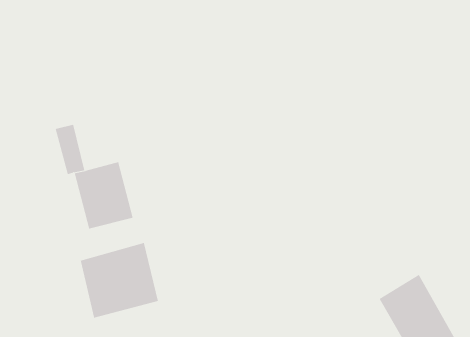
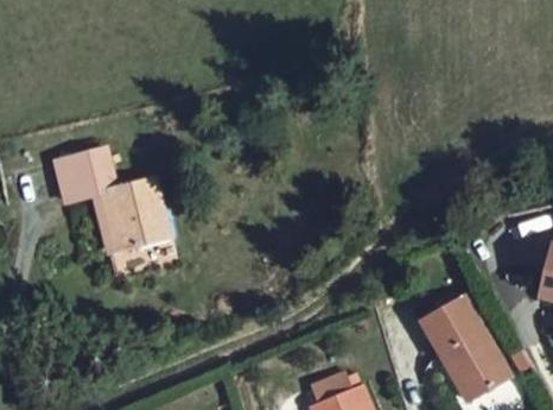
building: none -> [52,147,95,203]
building: [80,242,159,319] -> none

